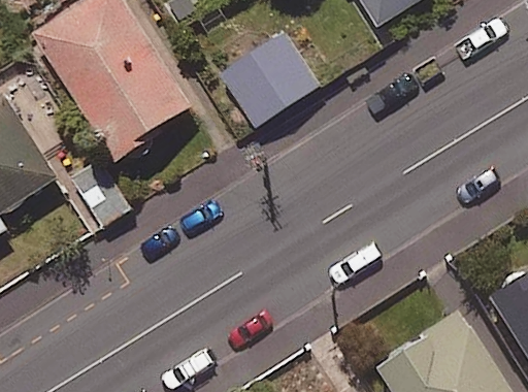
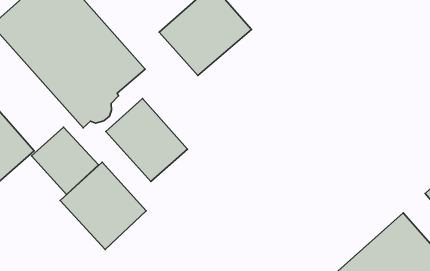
building: none -> [106,99,188,181]
building: none -> [60,162,146,250]

